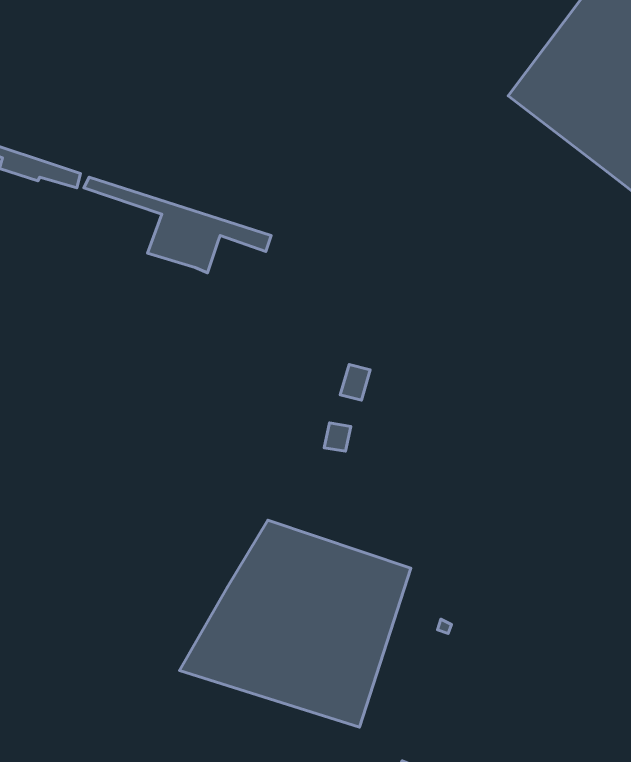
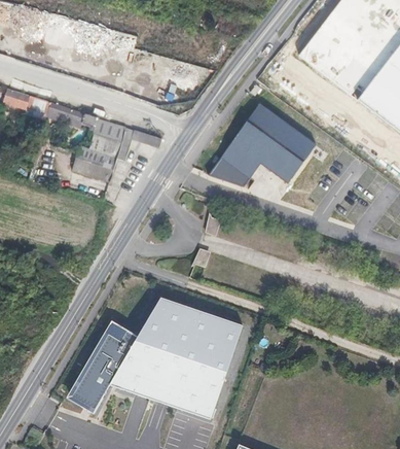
building: none -> [211,101,316,184]
building: none -> [72,145,117,182]
building: none -> [66,329,136,420]

